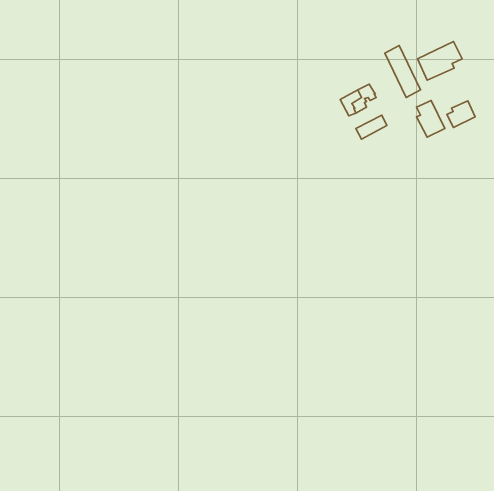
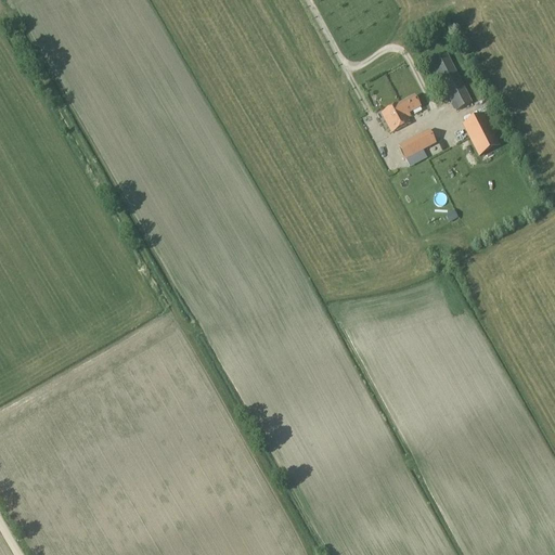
building: [418,41,462,80] -> none
building: [447,101,475,127] -> none

